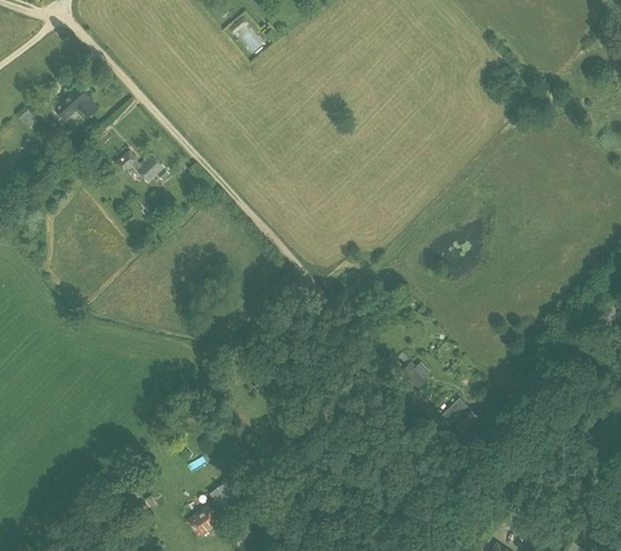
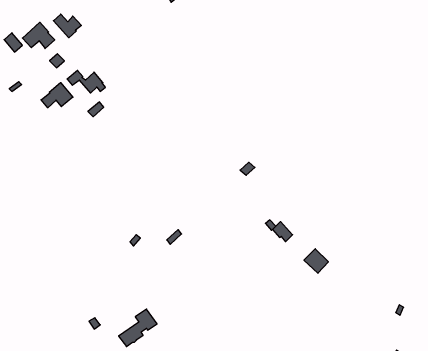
building: none -> [53,14,81,38]
building: none -> [41,83,73,108]

